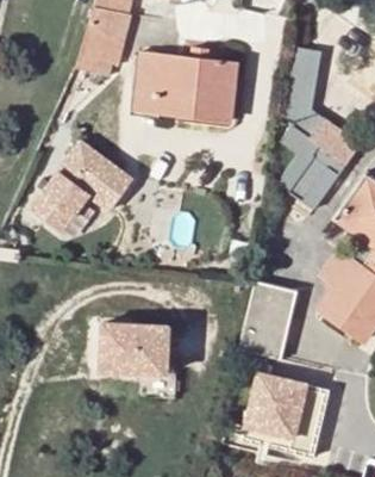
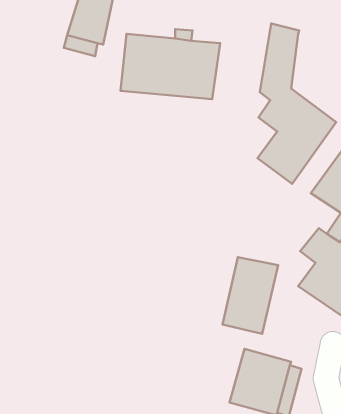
building: [32,142,135,234] -> none
building: [99,324,167,374] -> none

